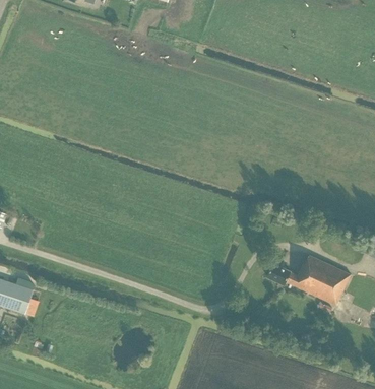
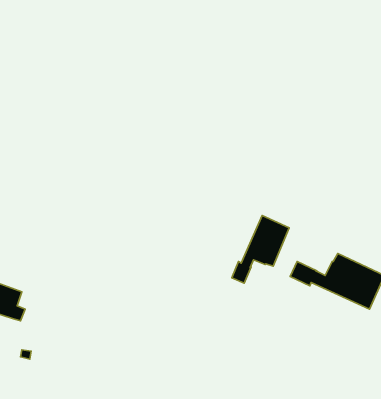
building: none -> [232,216,289,283]

